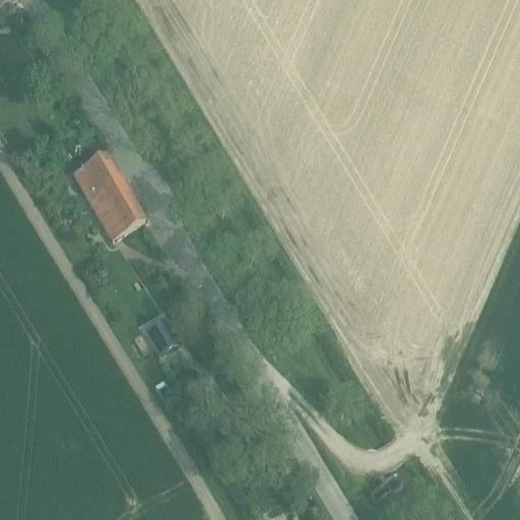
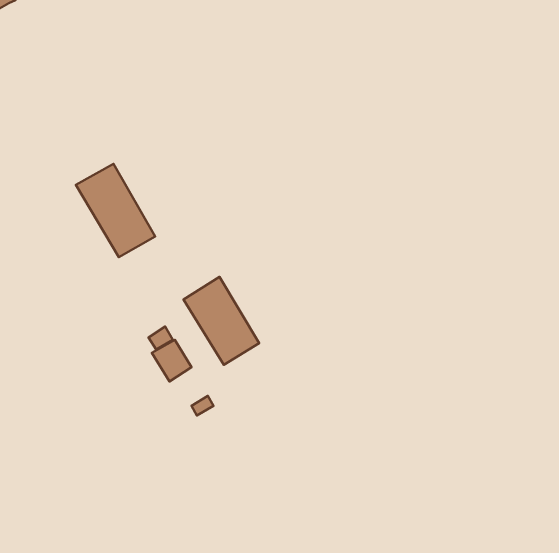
building: none -> [184,277,259,365]

